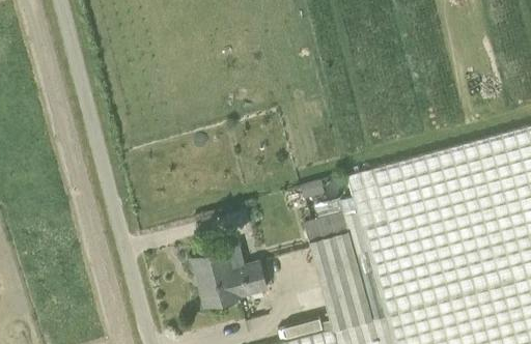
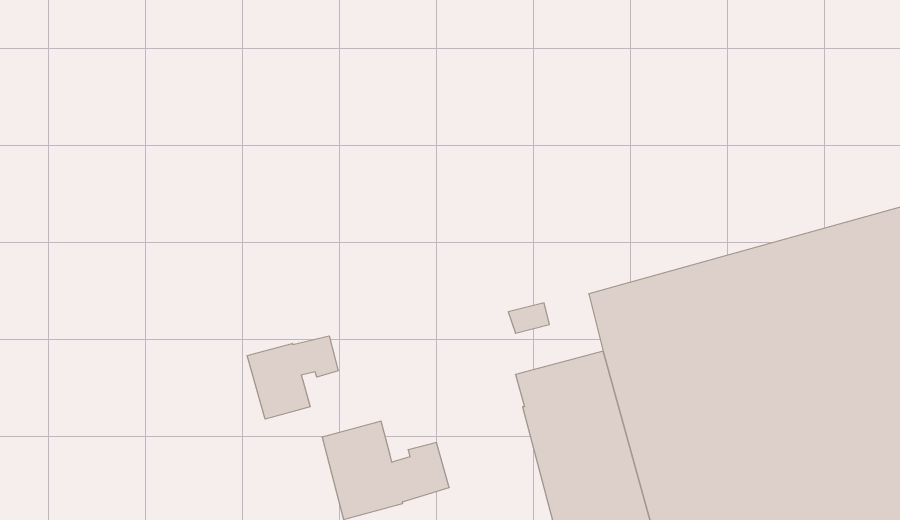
building: none -> [247,336,338,419]

